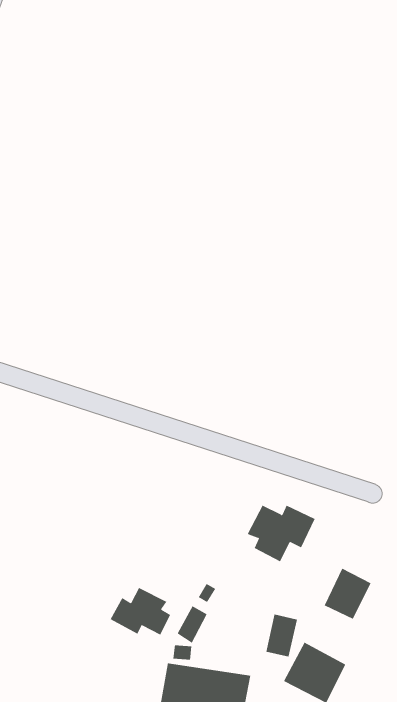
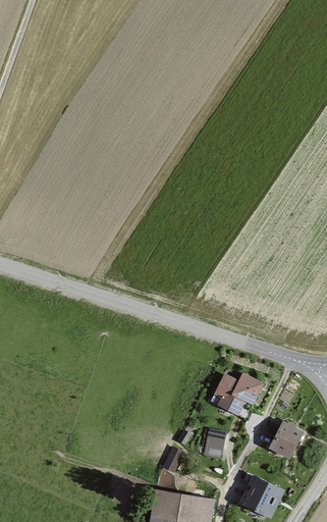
building: [110,587,171,636] -> none
building: [266,614,298,657] -> [202,432,225,464]

